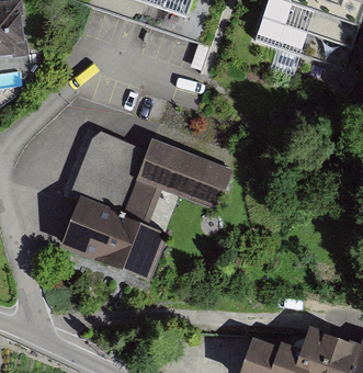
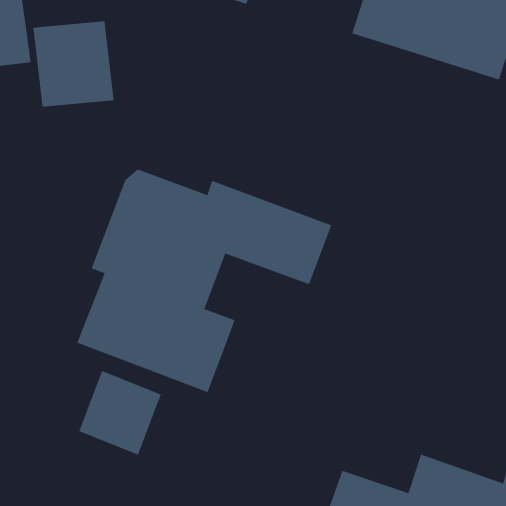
building: none -> [33,21,114,107]
building: none -> [79,370,162,456]

